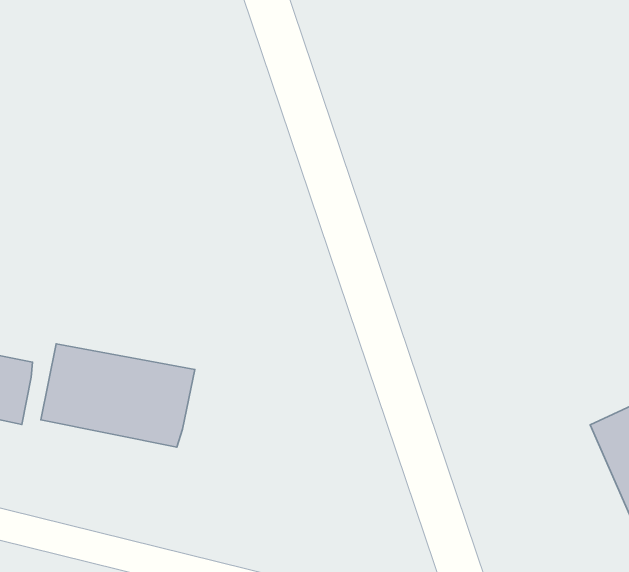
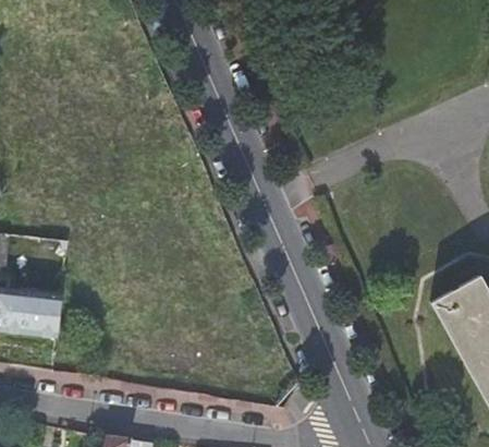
building: [41,344,195,447] -> none

